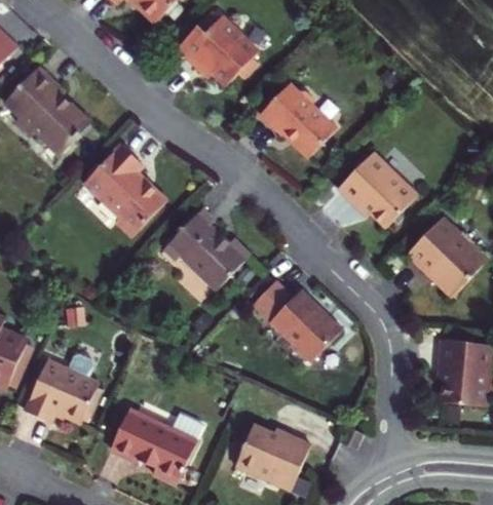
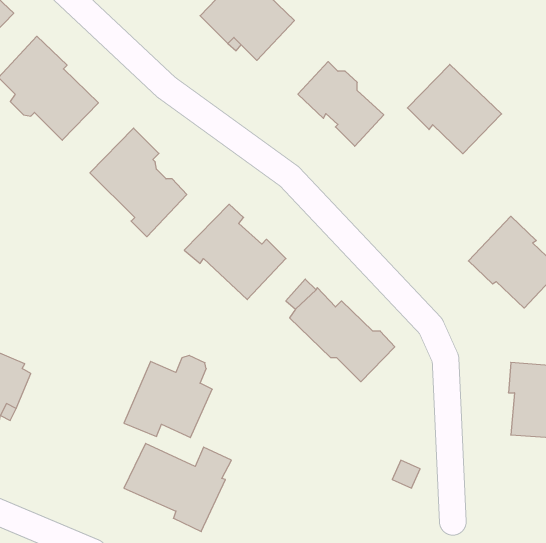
building: [337,153,417,229] -> [407,64,502,154]
building: [25,354,100,424] -> [124,355,212,438]
building: [236,424,312,490] -> none

